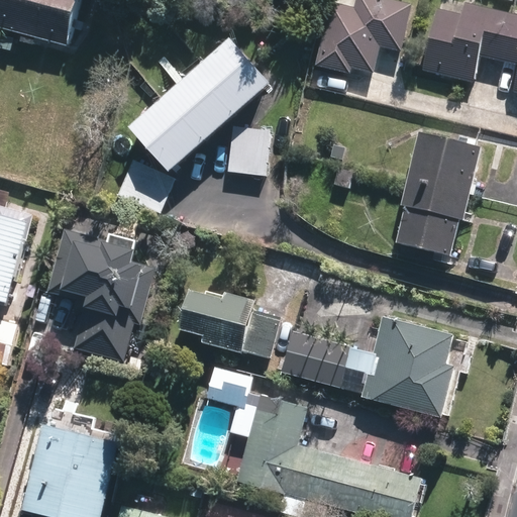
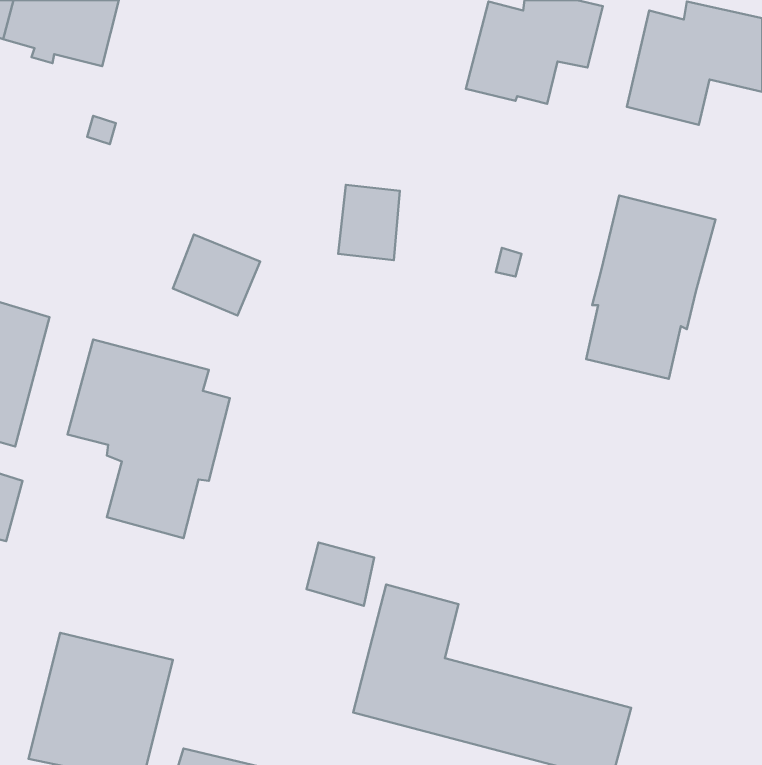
building: [128,34,271,169] -> none
building: [184,289,282,357] -> none
building: [280,314,454,417] -> none

